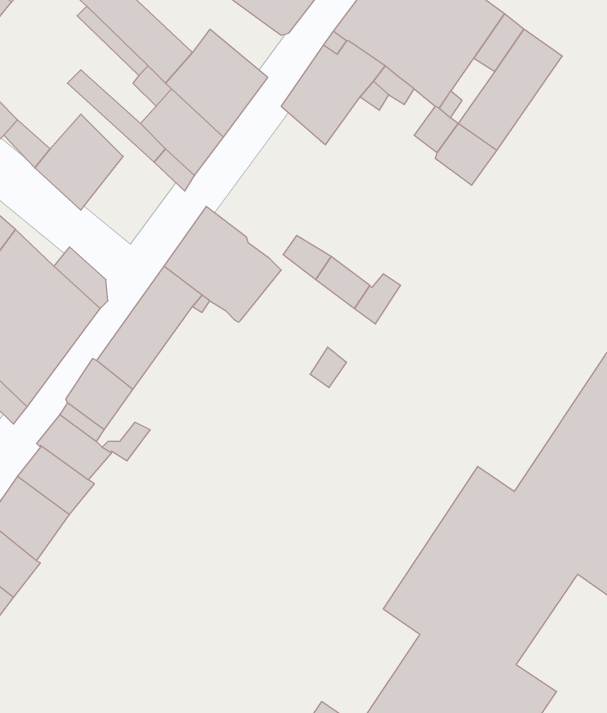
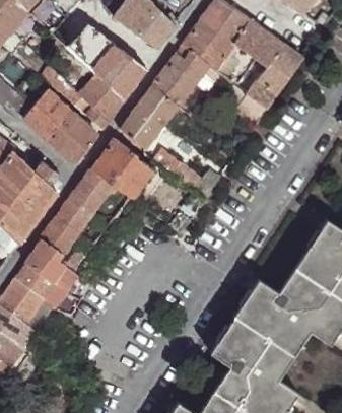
building: none -> [121,85,178,149]
building: none -> [49,112,98,162]

